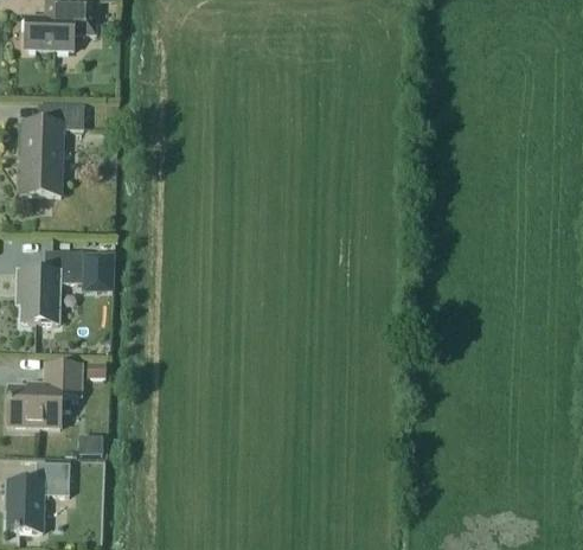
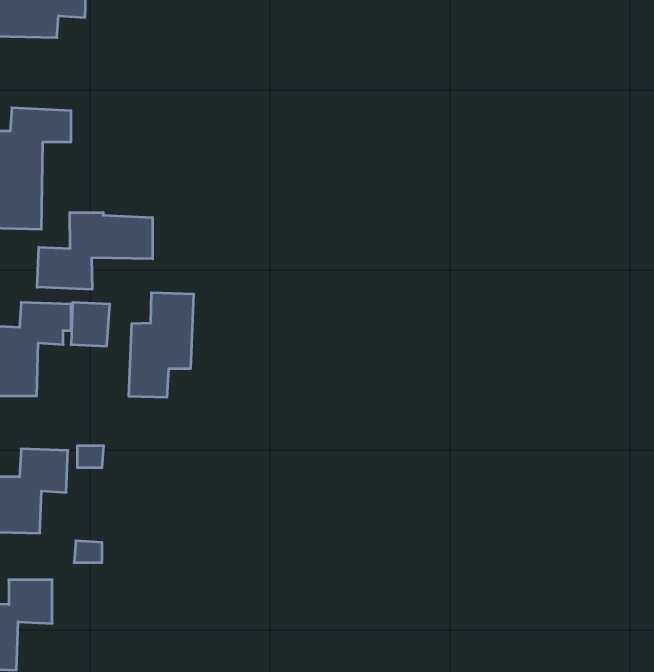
building: none -> [37,212,153,289]
building: none -> [129,293,194,397]

